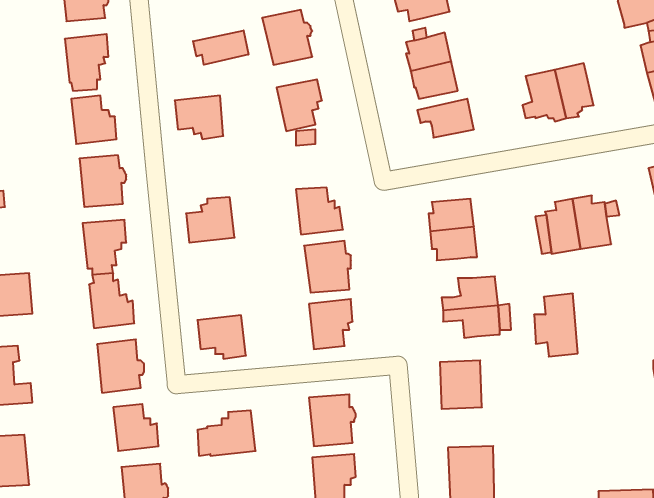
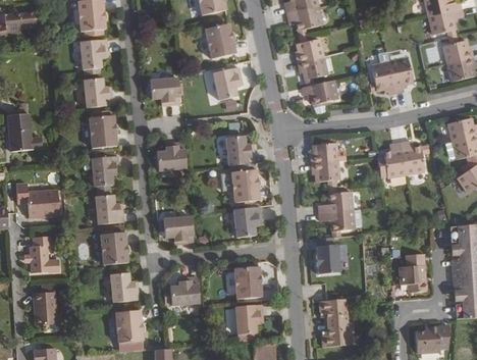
building: [193,30,248,65] -> none
building: [534,294,578,357] -> [397,253,425,293]

